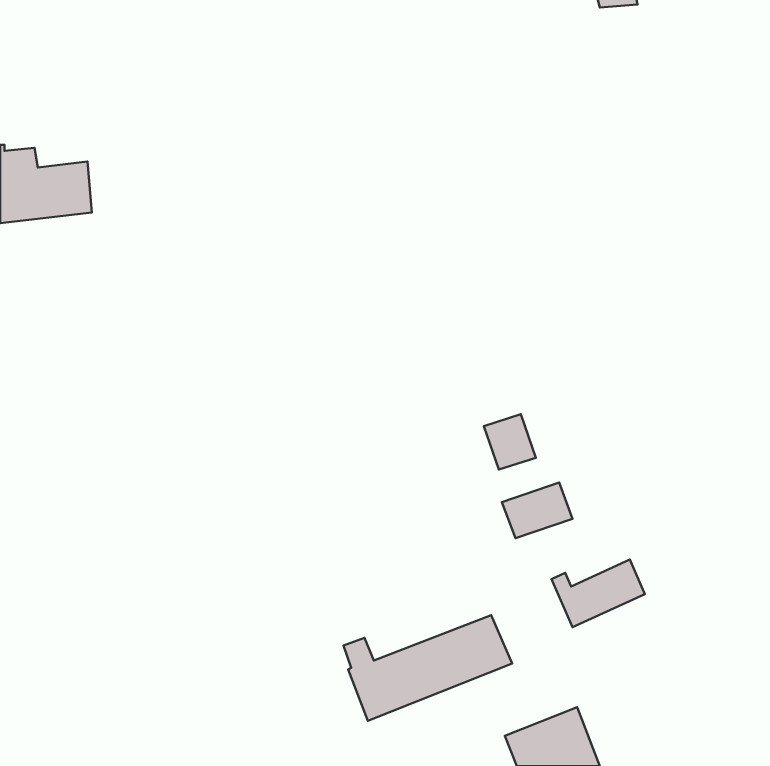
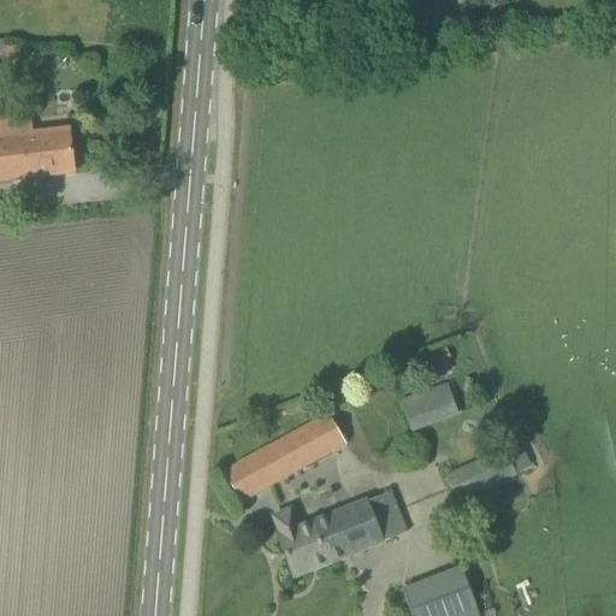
building: [484,414,536,470] -> none
building: none -> [223,410,345,500]

